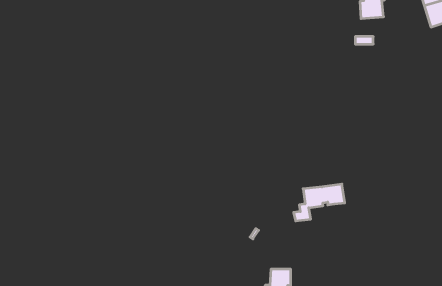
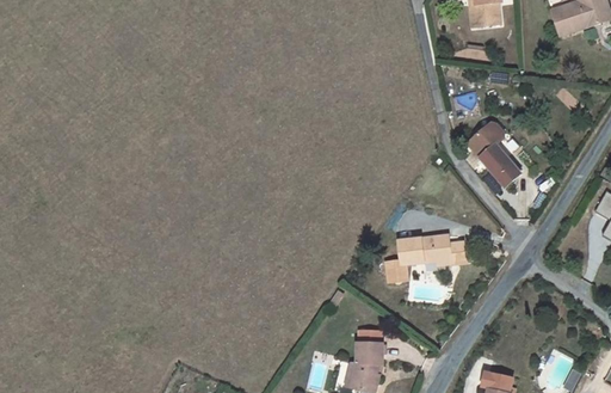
building: none -> [469,123,519,186]

